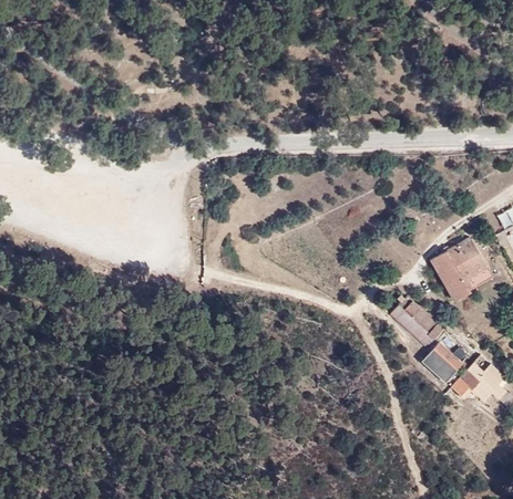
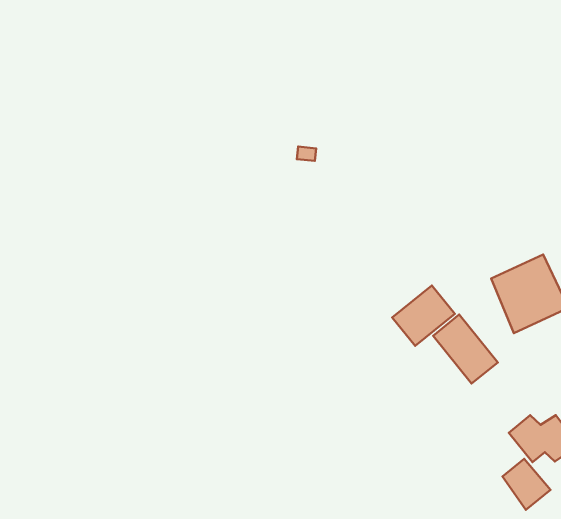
building: none -> [392,285,455,346]
building: [423,342,462,382] -> [503,459,550,510]

